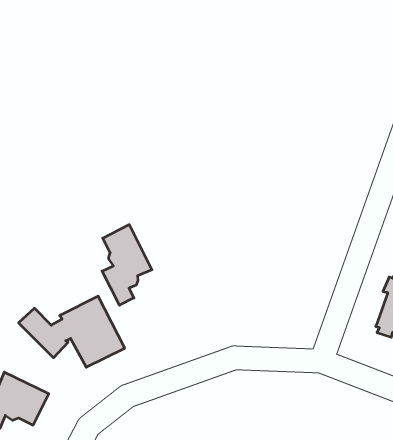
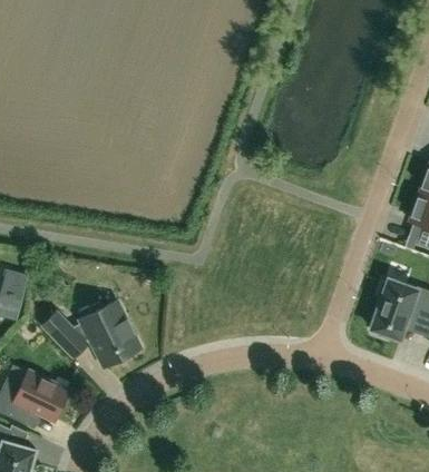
building: [102,225,152,305] -> none

